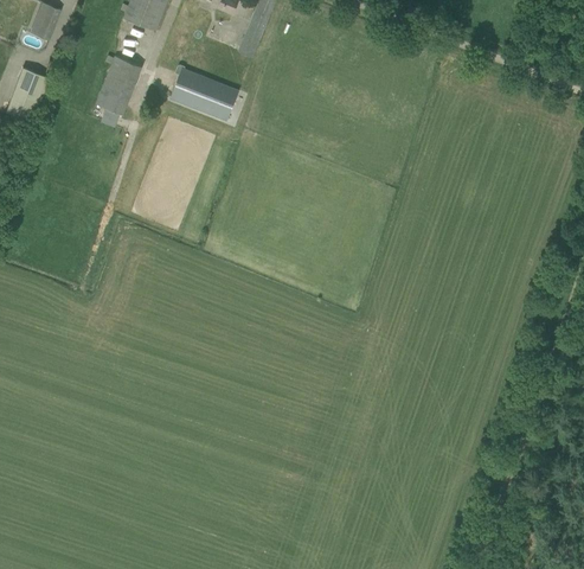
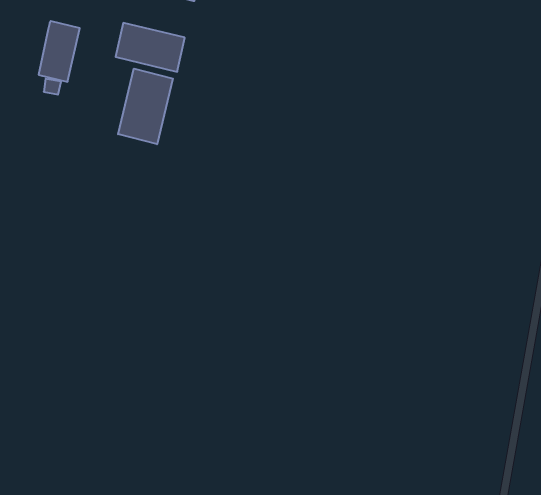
building: none -> [118,69,173,144]

